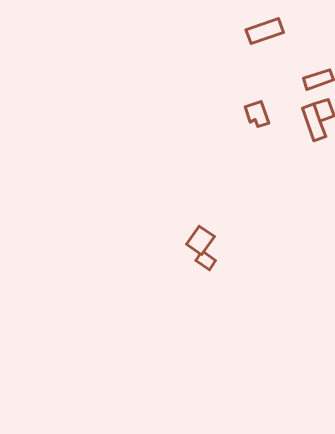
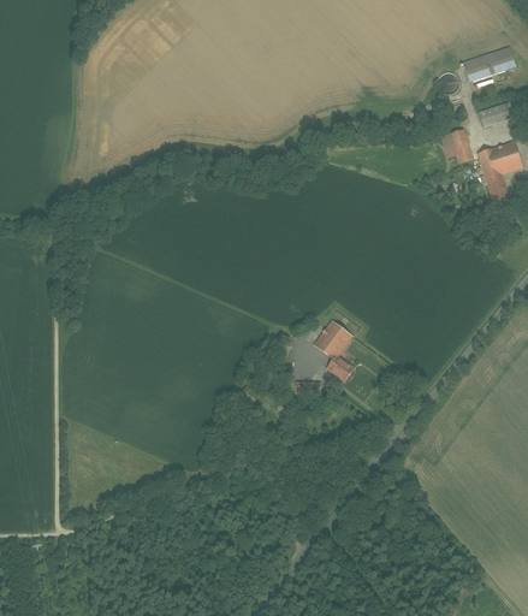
building: [246,19,283,43] -> [463,47,516,82]
building: [245,102,269,126] -> [440,129,474,164]

